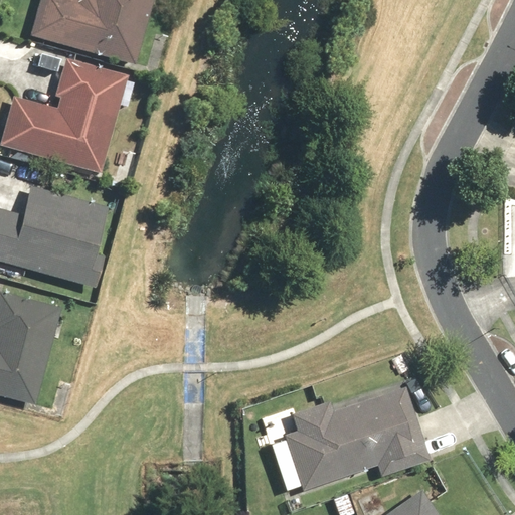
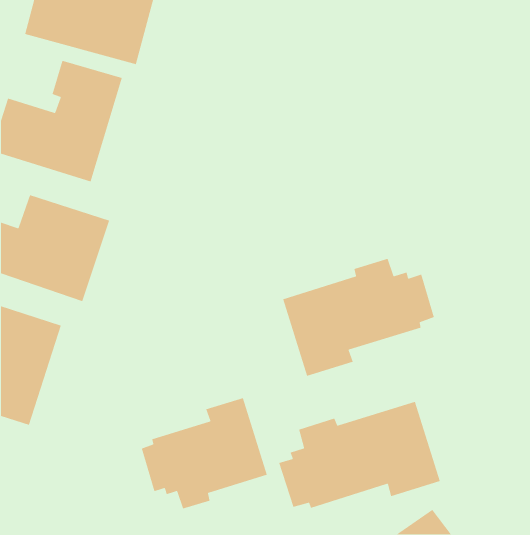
building: none -> [282,258,435,377]
building: none -> [141,397,268,510]

